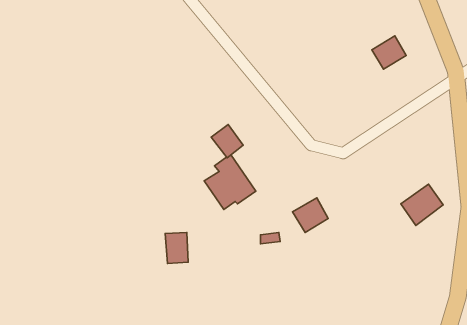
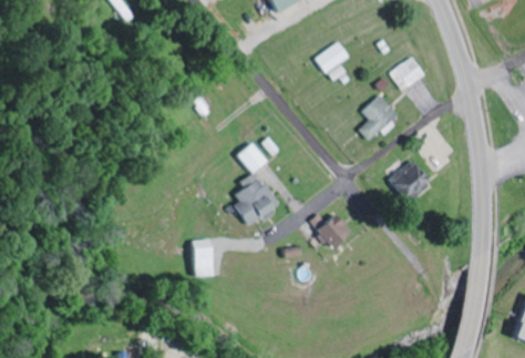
building: none -> [315,42,349,73]
building: none -> [358,93,398,141]
building: [401,184,443,226] -> [388,161,429,201]

